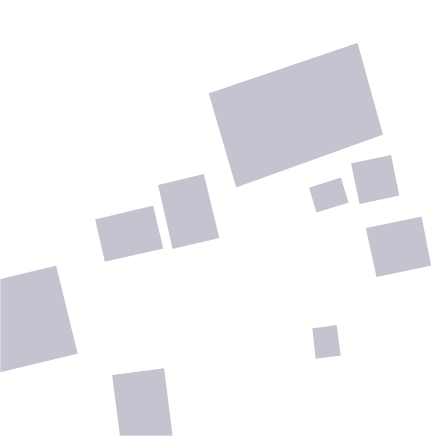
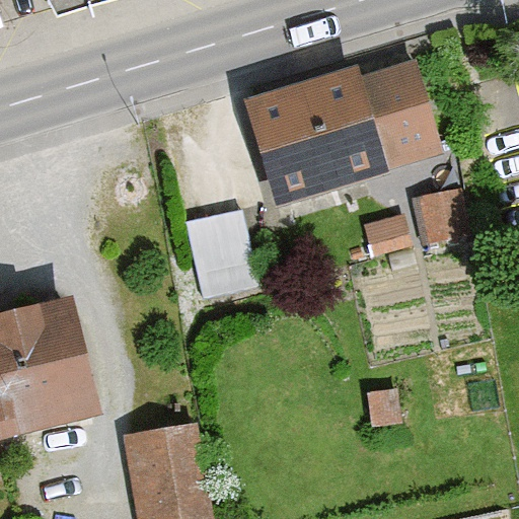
building: [95,205,164,263] -> none
building: [365,216,432,278] -> none

